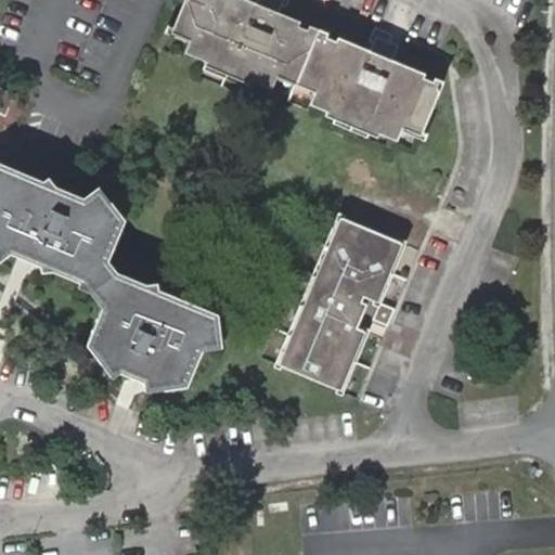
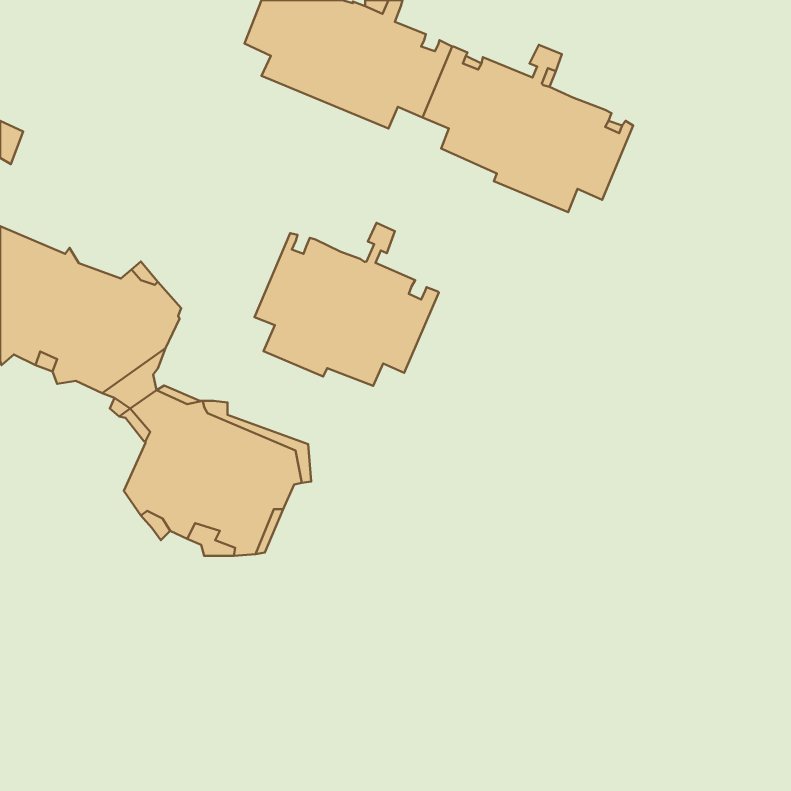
building: none -> [254,223,439,386]
building: [279,217,400,389] -> none

